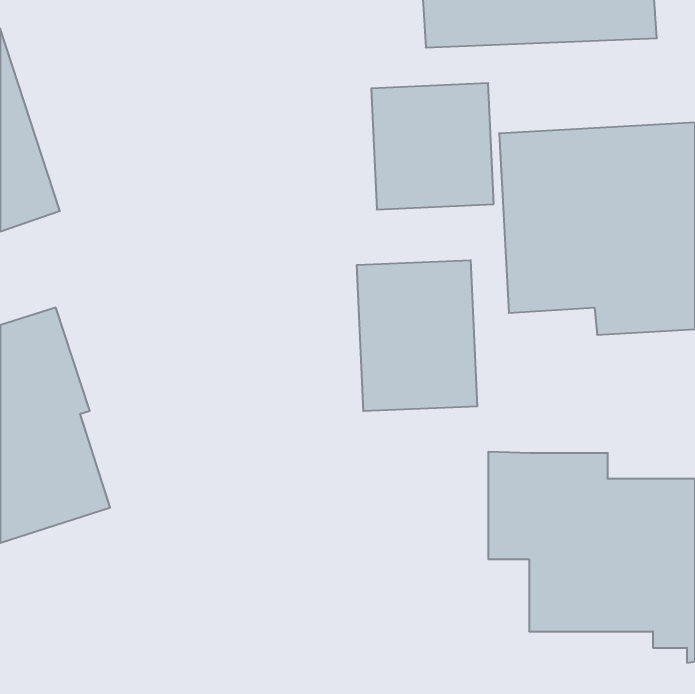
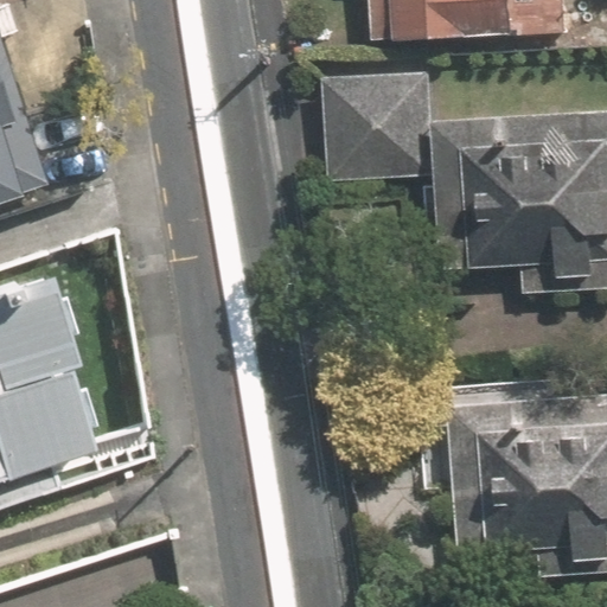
building: [357,260,477,411] -> none

